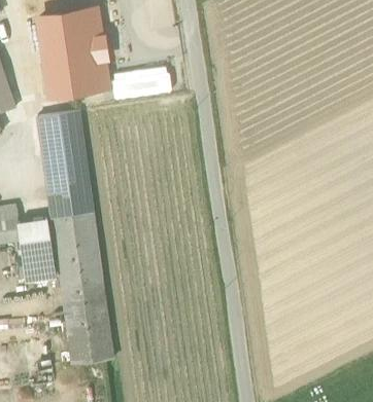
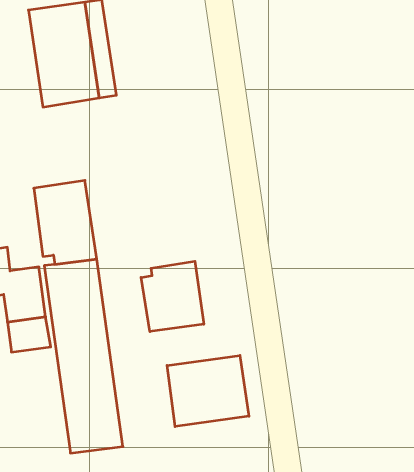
building: [36,110,82,156] -> none
building: none -> [141,261,204,332]
building: none -> [167,355,249,427]

